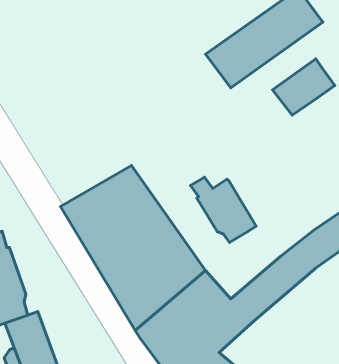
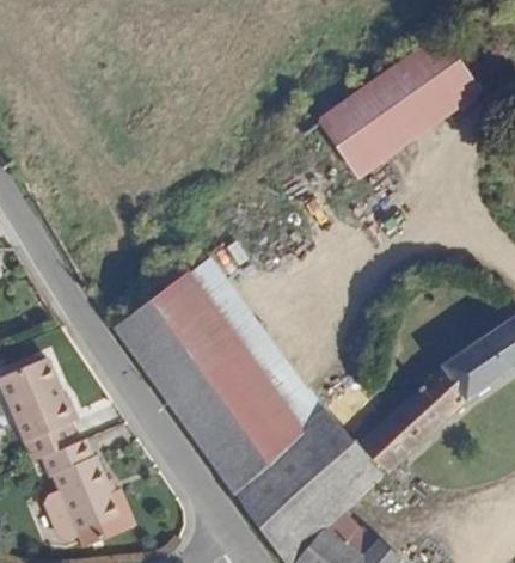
building: [272,59,335,115] -> none
building: [191,177,256,243] -> none

